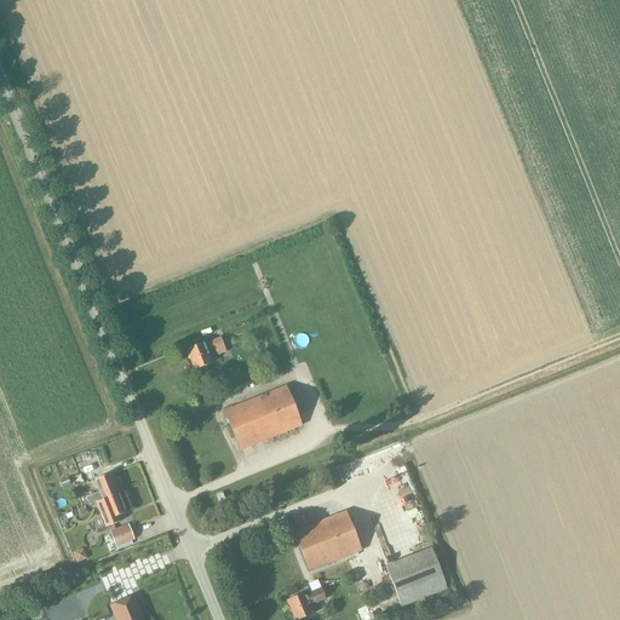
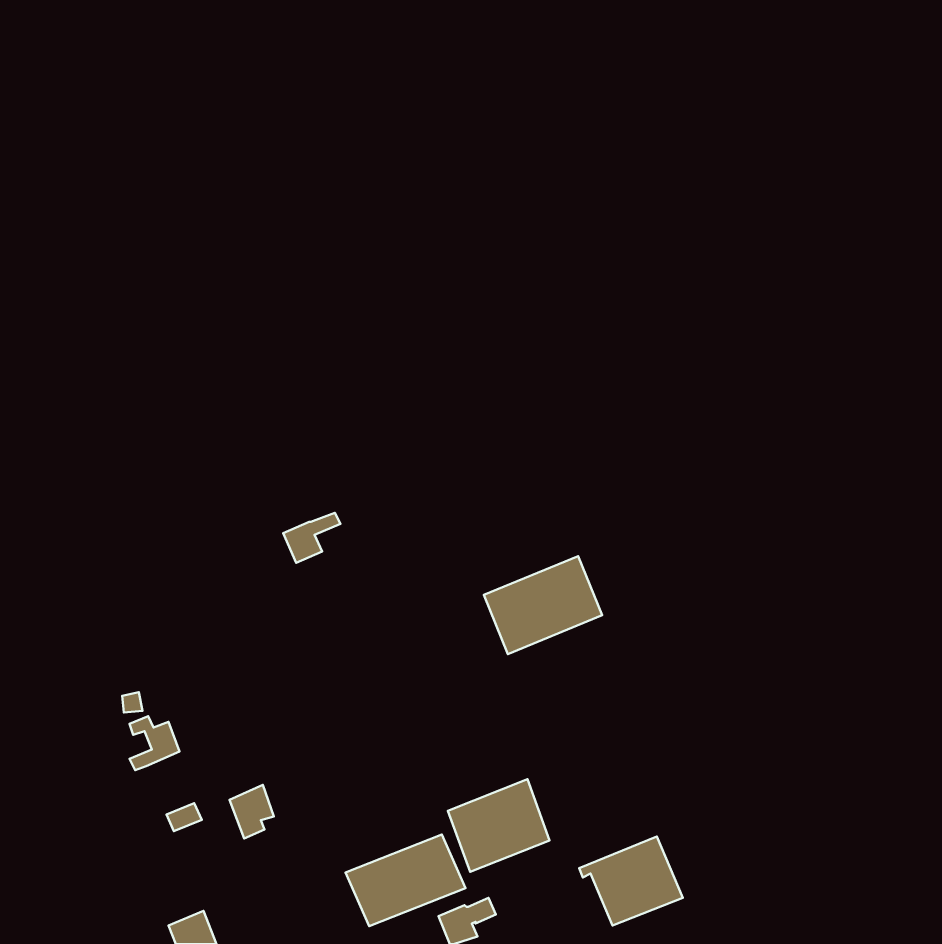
building: [225,385,303,449] -> [484,556,602,654]
building: [98,492,127,527] -> [229,785,274,839]
building: none -> [346,835,465,926]

